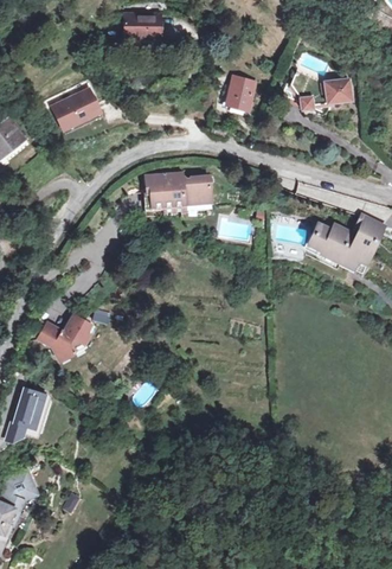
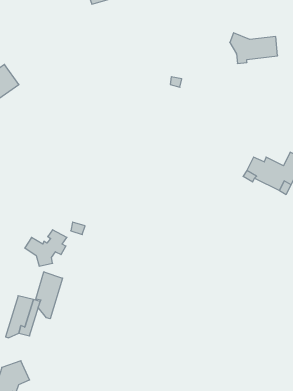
building: [227,73,253,107] -> none
building: [45,81,99,130] -> none
building: [148,173,211,212] -> none
building: none -> [36,272,63,319]

